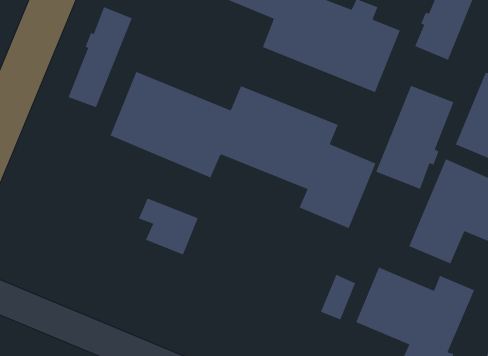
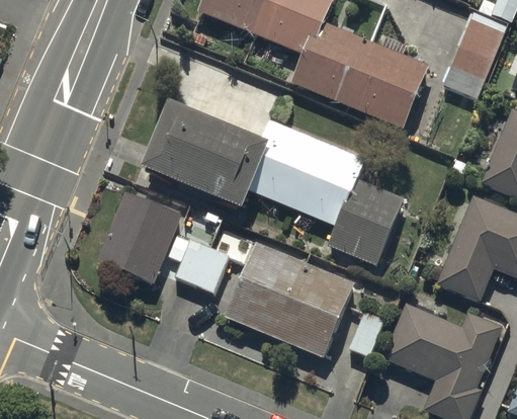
building: [68,6,133,108] -> none
building: [375,85,455,190] -> none
building: none -> [99,189,181,279]
building: none -> [226,243,353,356]

